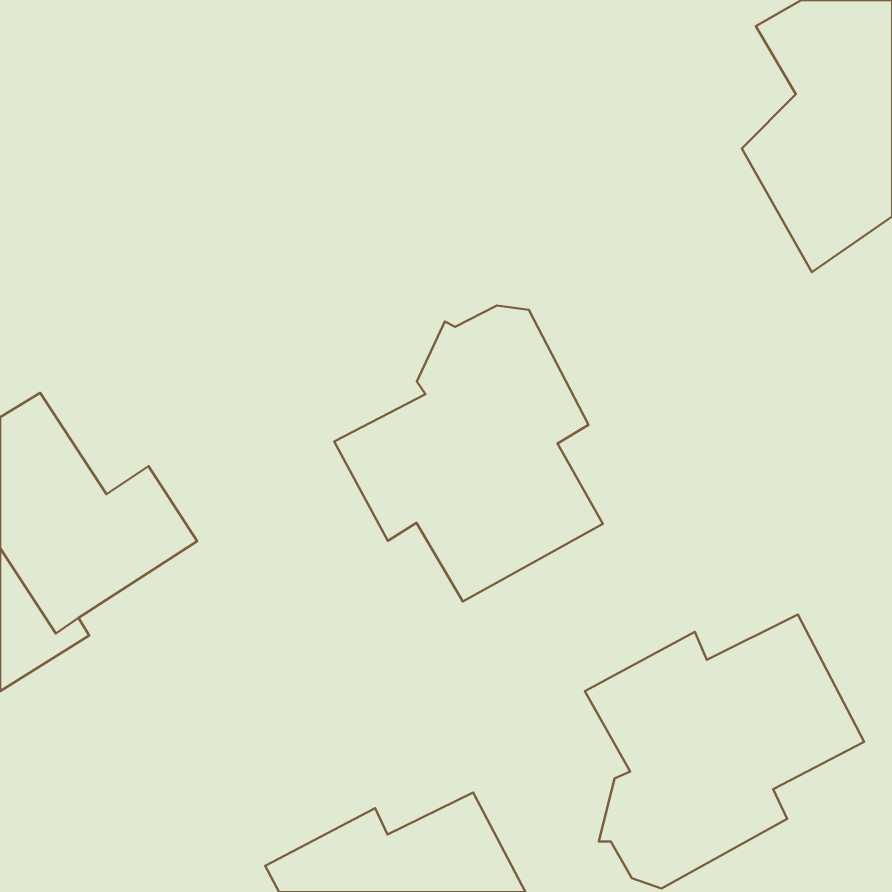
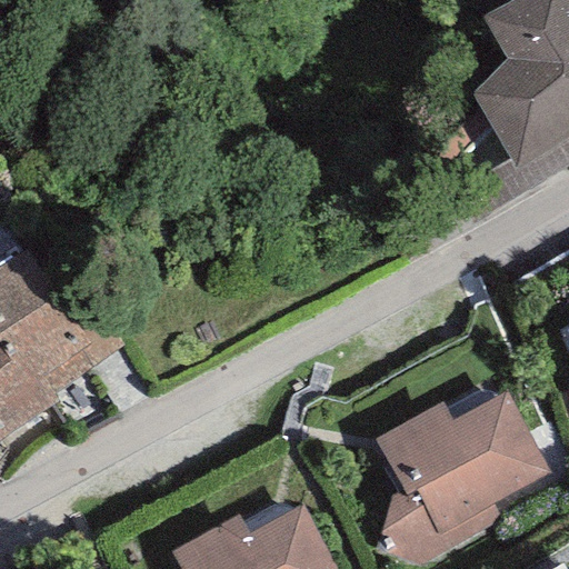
building: [334,305,603,601] -> none

